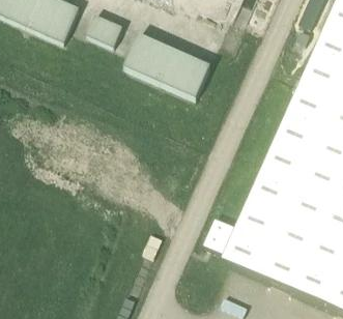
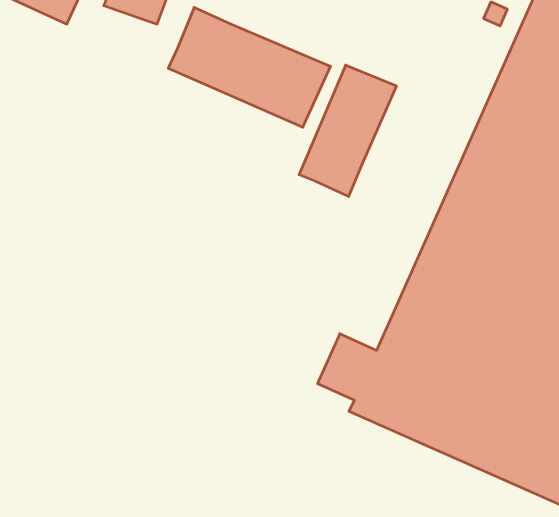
building: none -> [299,65,396,197]

